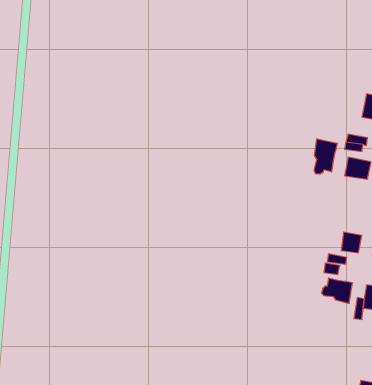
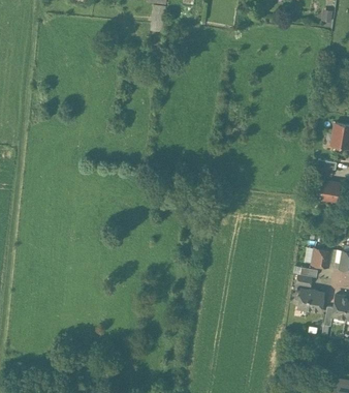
building: [314,139,337,174] -> none

